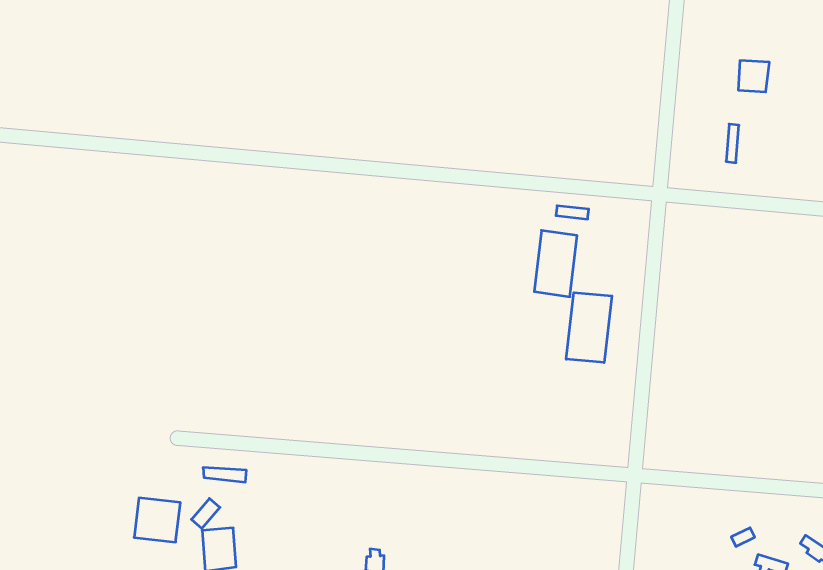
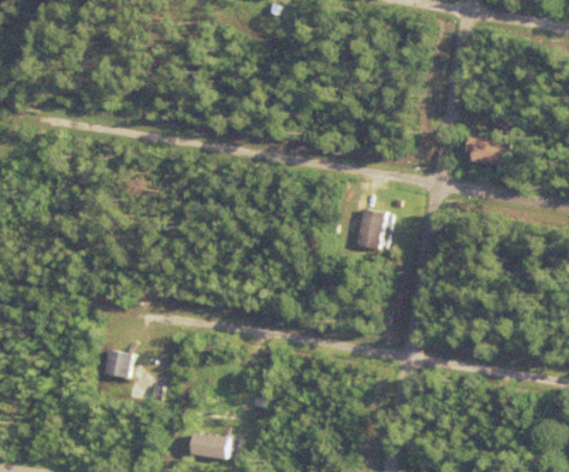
building: [566,293,612,363] -> none

